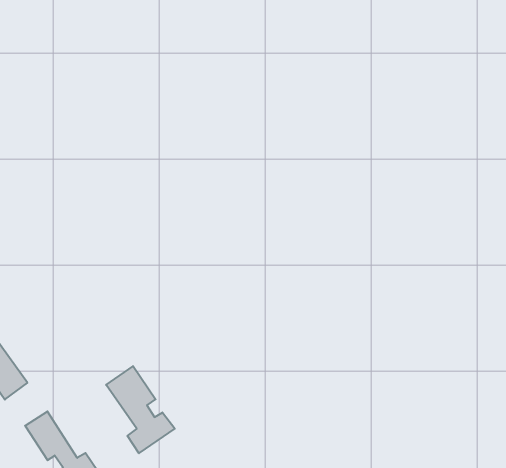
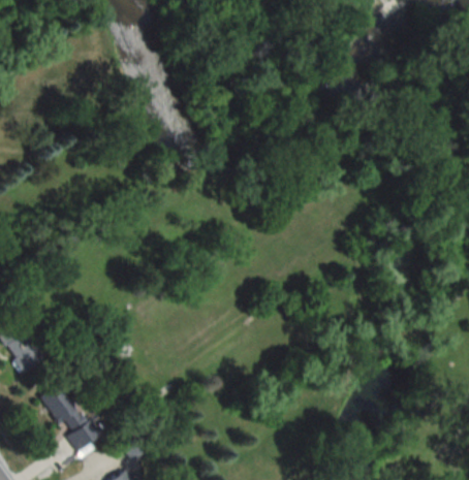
building: [106,366,175,453] -> none

